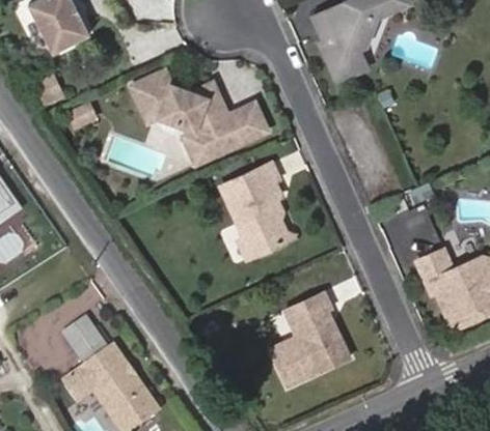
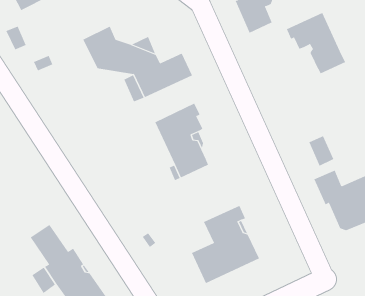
building: none -> [286,12,346,74]

